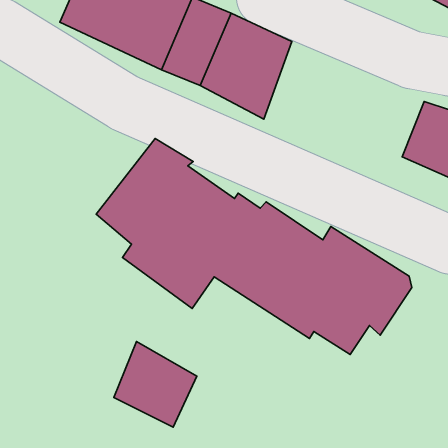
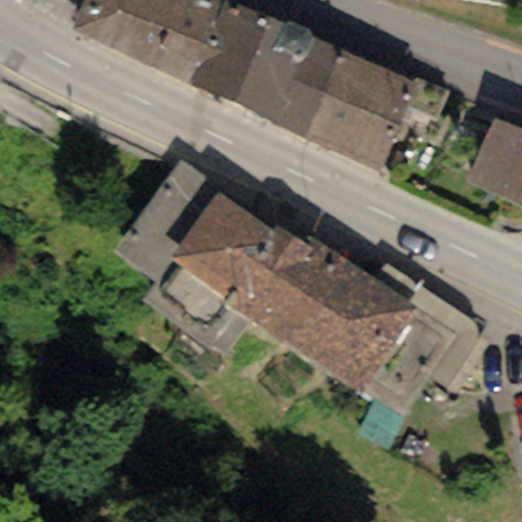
building: none -> [308,48,451,172]
building: [114,341,197,427] -> none

